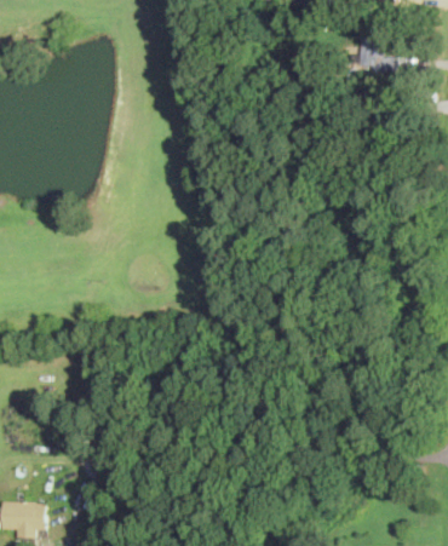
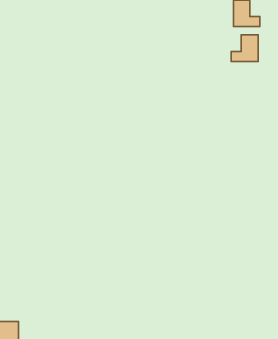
building: none -> [231,35,258,61]

